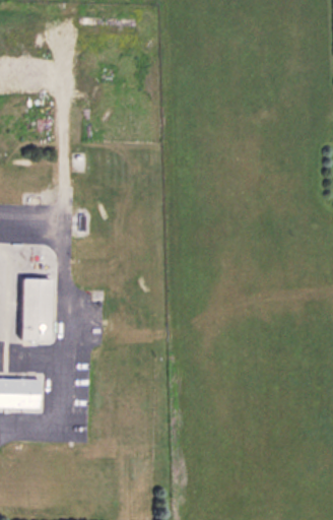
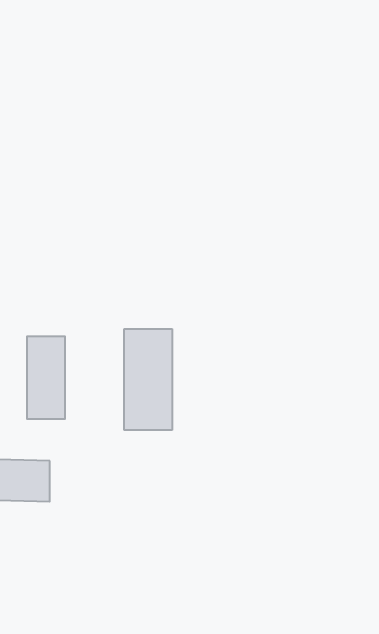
building: none -> [124,329,172,430]

